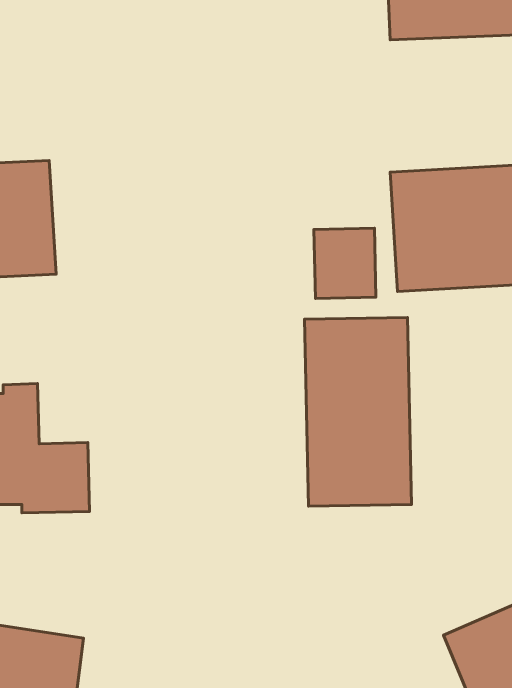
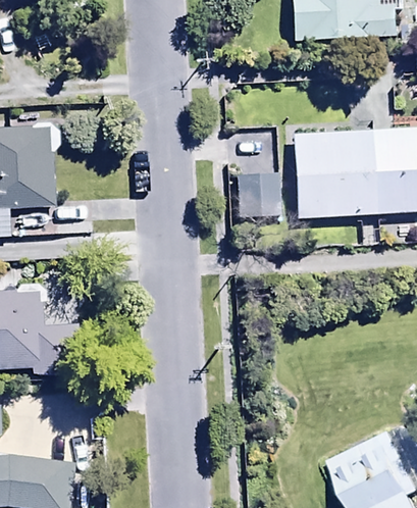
building: [305,318,411,506] -> none

